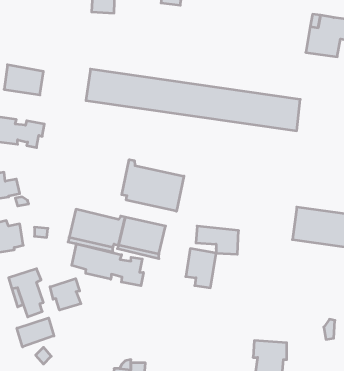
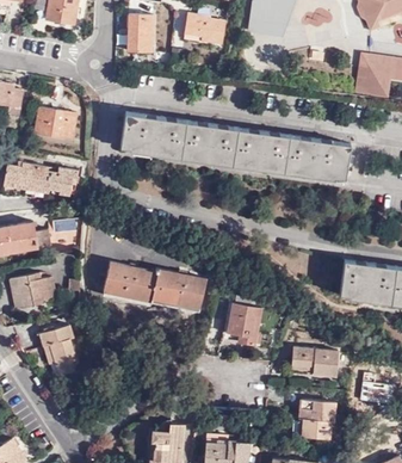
building: [122,160,184,211] -> none
building: [196,226,239,254] -> [292,347,338,377]
building: [72,244,143,286] -> none
building: [50,279,81,310] -> none
building: [17,318,54,347] -> none

